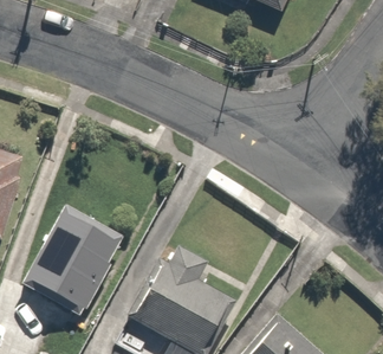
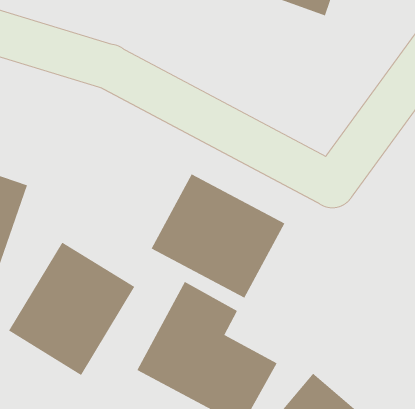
building: none -> [151,173,285,299]

